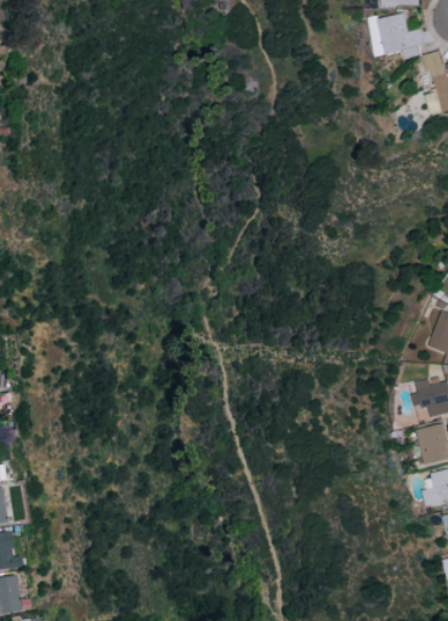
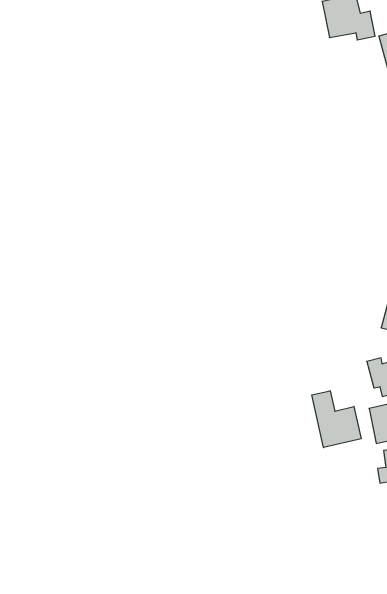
building: none -> [312,391,361,448]

